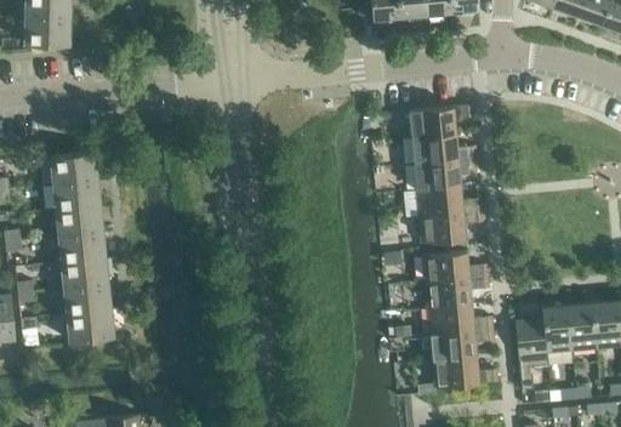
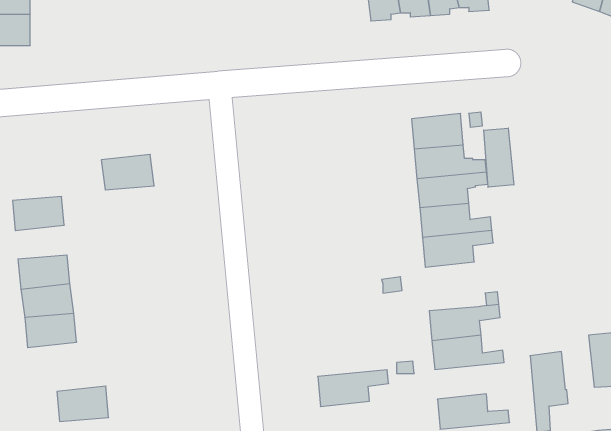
building: none -> [484,128,514,187]
building: [50,152,97,183] -> [101,154,154,190]
building: [56,205,102,235] -> none
building: [422,250,468,281] -> none
building: [541,303,571,352] -> none
building: [67,309,113,341] -> [57,386,109,421]
building: [429,328,492,360] -> [318,370,389,407]

